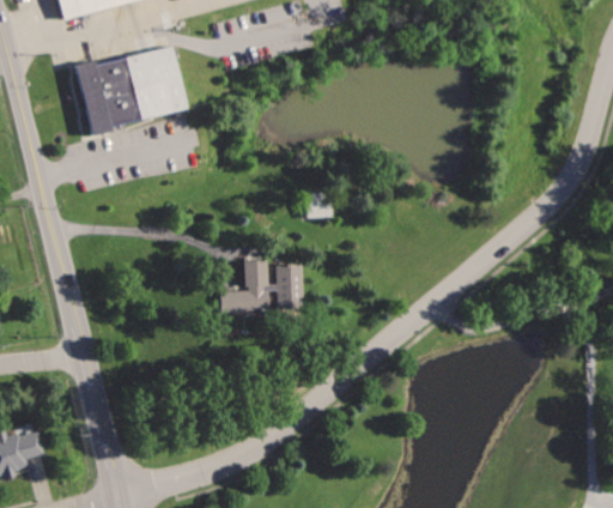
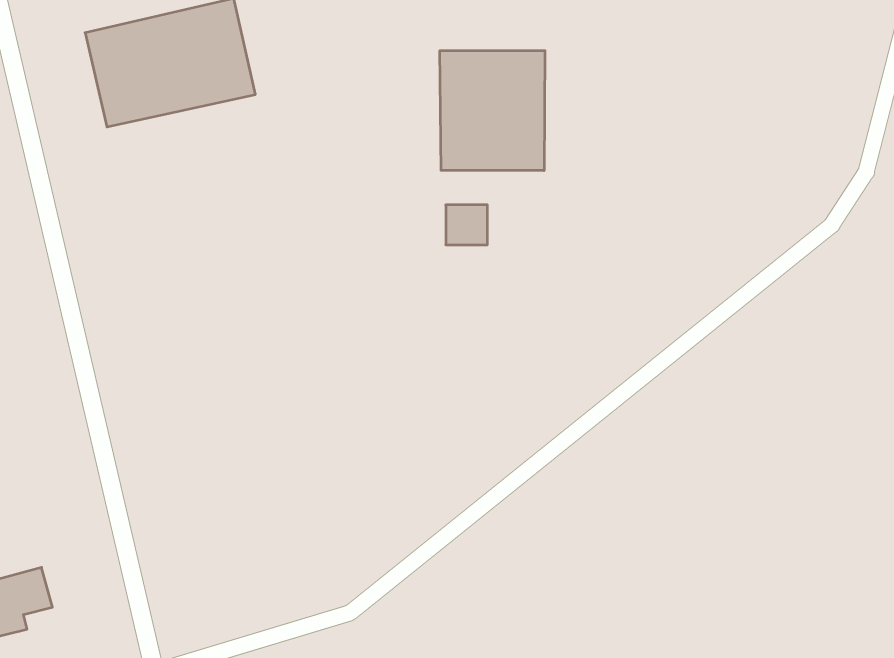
building: none -> [440,51,545,171]
building: [224,254,309,310] -> none

